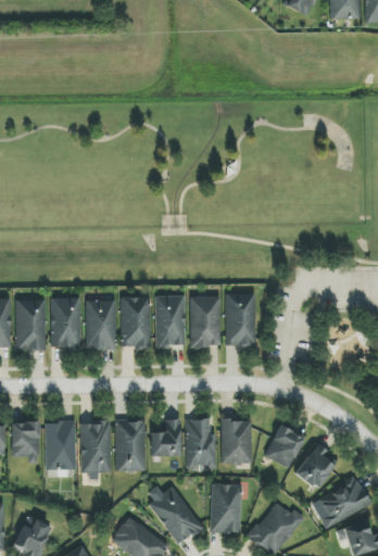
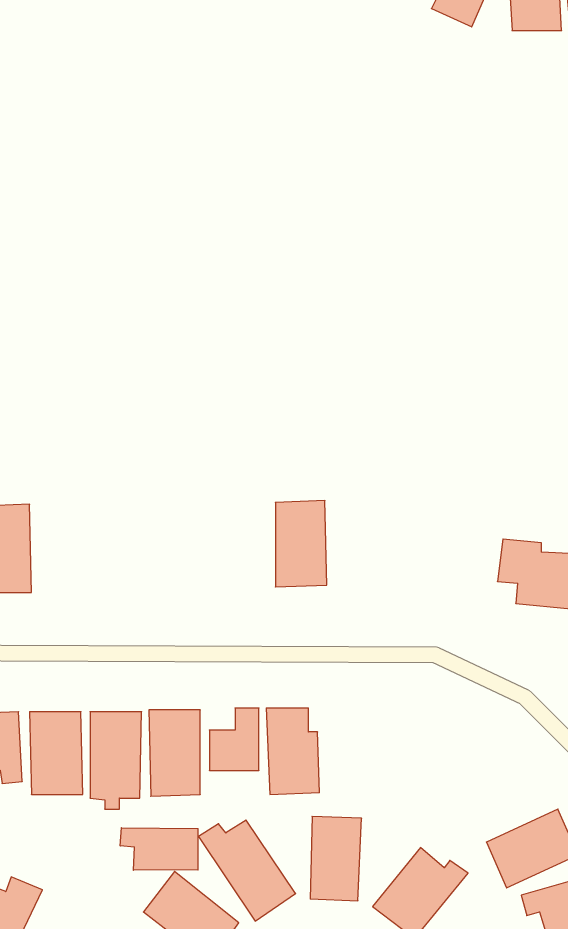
building: [224,293,256,348] -> none
building: [154,295,185,346] -> none
building: [119,296,150,348] -> none
building: [50,298,80,348] -> none
building: [85,300,115,350] -> none
building: [220,418,252,464] -> none
building: [265,425,303,467] -> none
building: [294,444,338,490] -> none
building: none -> [120,828,198,870]

